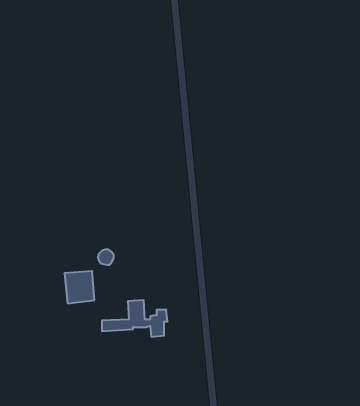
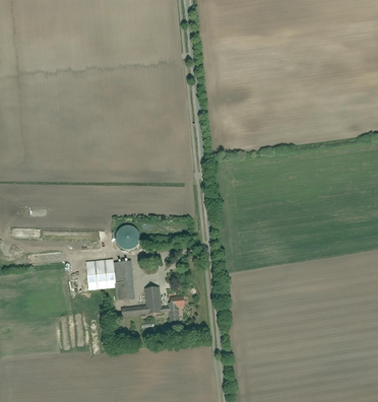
building: none -> [114,260,135,299]

